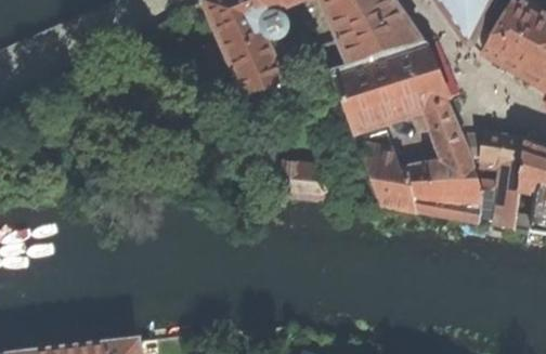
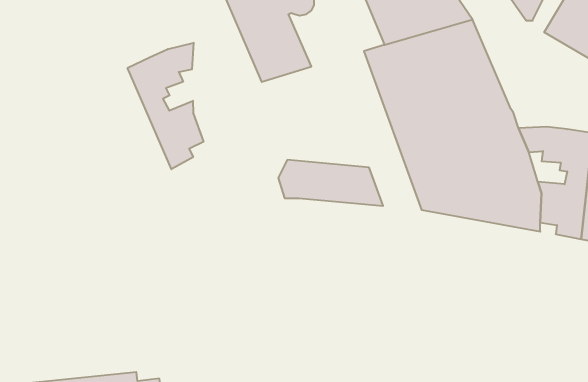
building: none -> [128,43,203,169]

